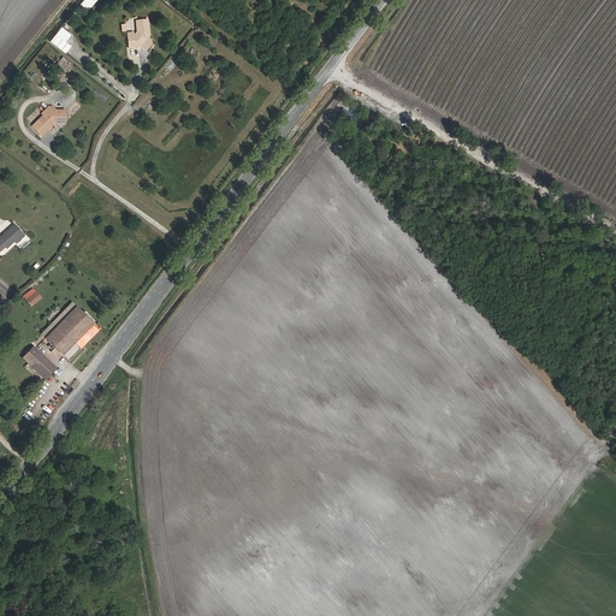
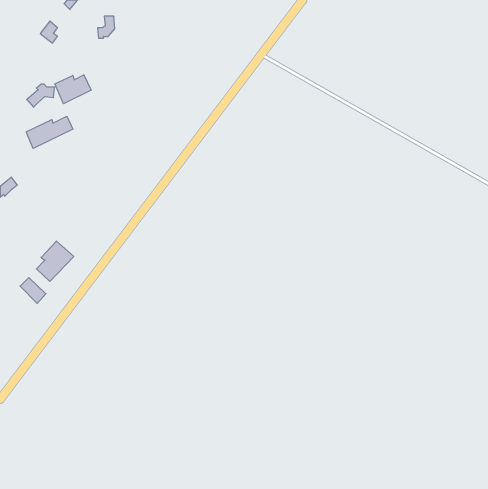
building: none -> [55,75,91,104]
building: none -> [26,116,73,148]

